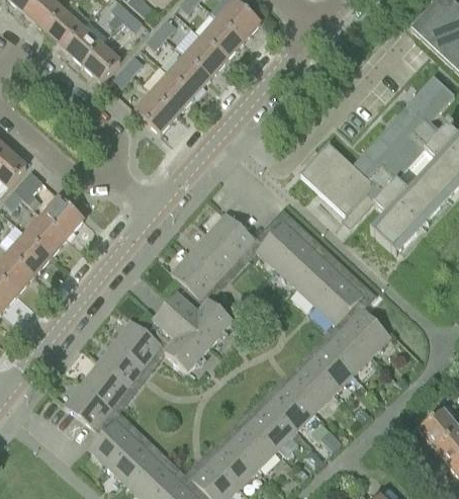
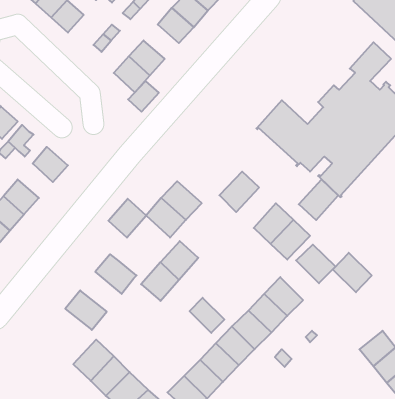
building: [83,44,120,81] -> none
building: [170,55,210,94] -> none
building: none -> [128,81,159,112]
building: [25,215,66,254] -> none
building: [208,215,255,260] -> none
building: [276,242,322,288] -> [299,180,338,220]
building: [156,297,199,341] -> [108,199,146,238]
building: [327,326,371,371] -> [333,253,372,292]
building: [97,339,145,385] -> none
building: none -> [190,298,224,333]
building: [64,382,110,427] -> none

